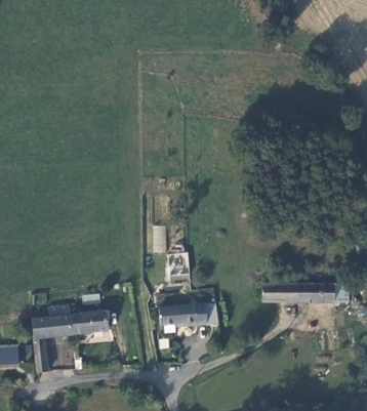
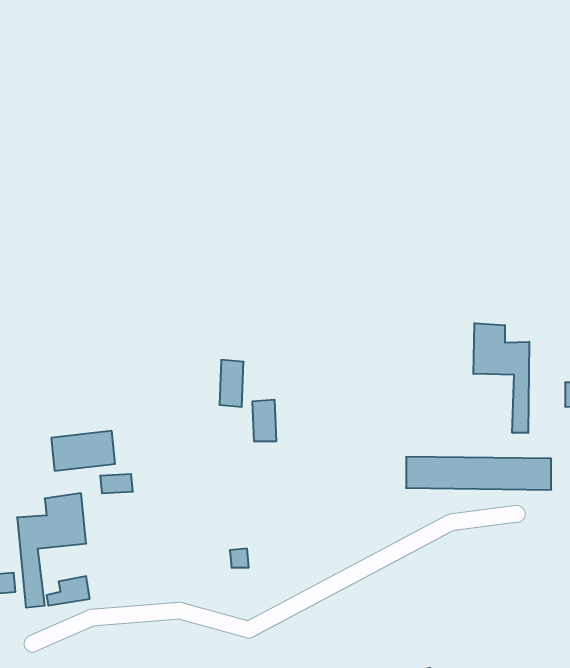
building: none -> [473,323,529,433]
building: [159,303,207,326] -> none
building: [71,311,109,334] -> [51,431,115,471]

